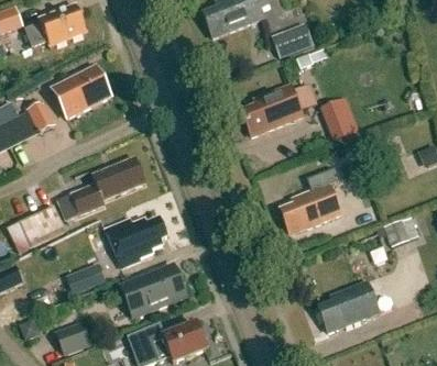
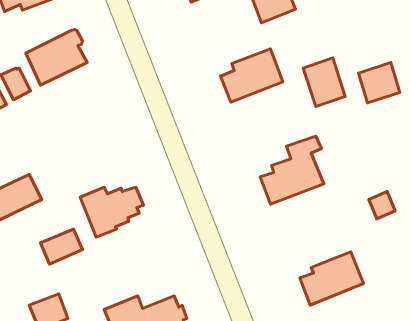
building: none -> [358,63,400,103]
building: [56,158,144,219] -> none
building: [119,264,184,315] -> none

